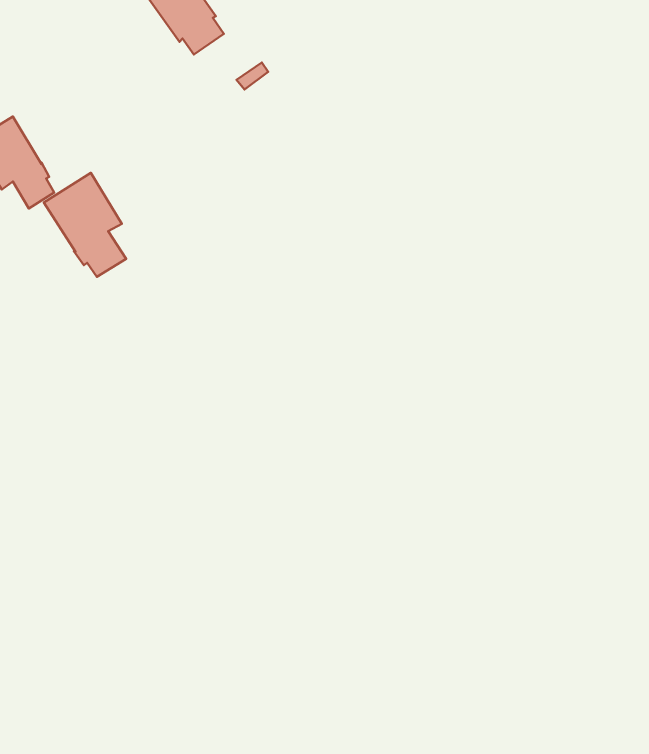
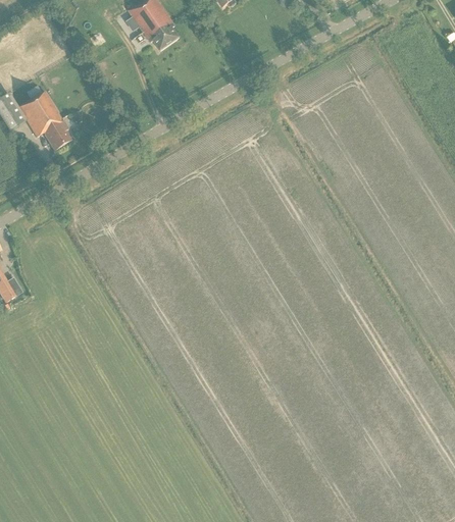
building: [44,173,126,277] -> none

